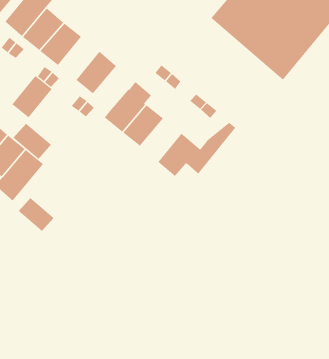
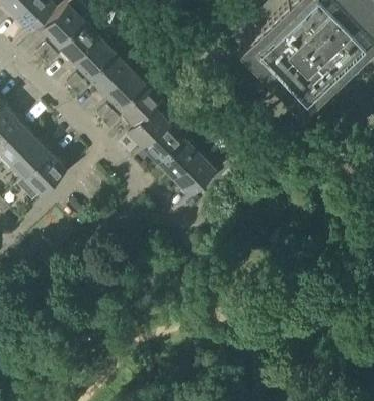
building: none -> [119,83,160,124]
building: [11,75,52,118] -> [88,52,129,92]
building: none -> [158,138,199,178]
building: [13,123,52,160] -> none
building: [18,197,55,232] -> none

